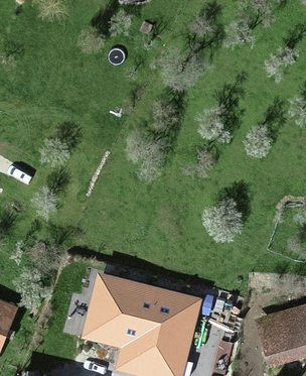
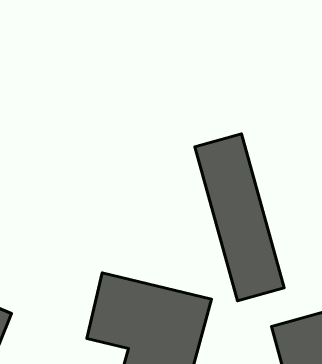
building: none -> [195,134,284,301]

